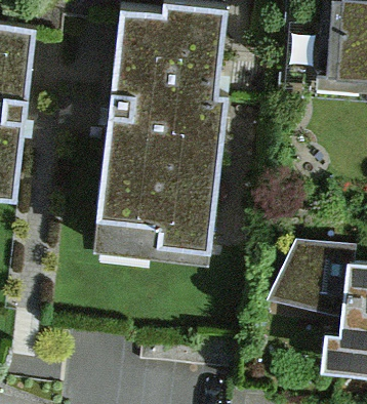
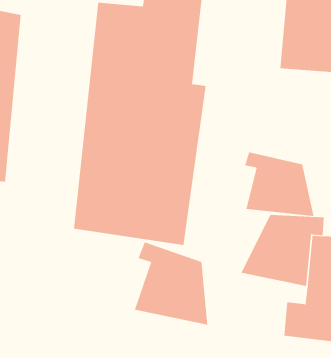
building: none -> [244,151,314,217]
building: none -> [134,242,208,326]

